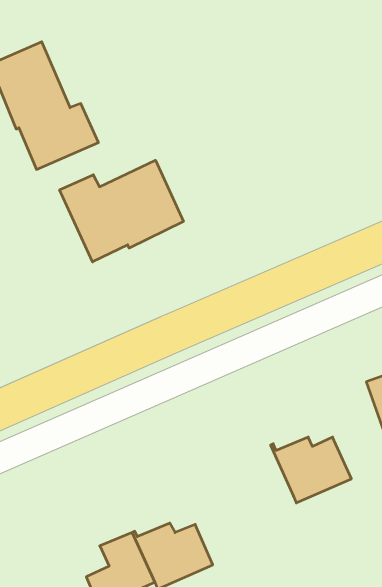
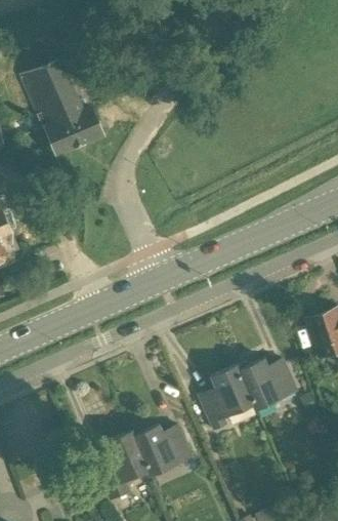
building: [60,160,183,262] -> none
building: none -> [201,366,253,431]

